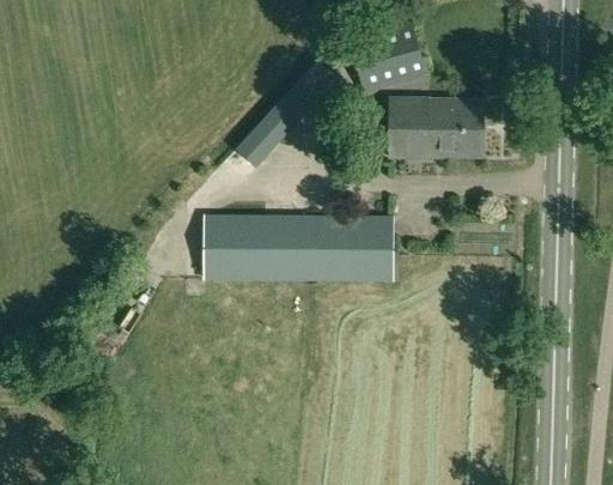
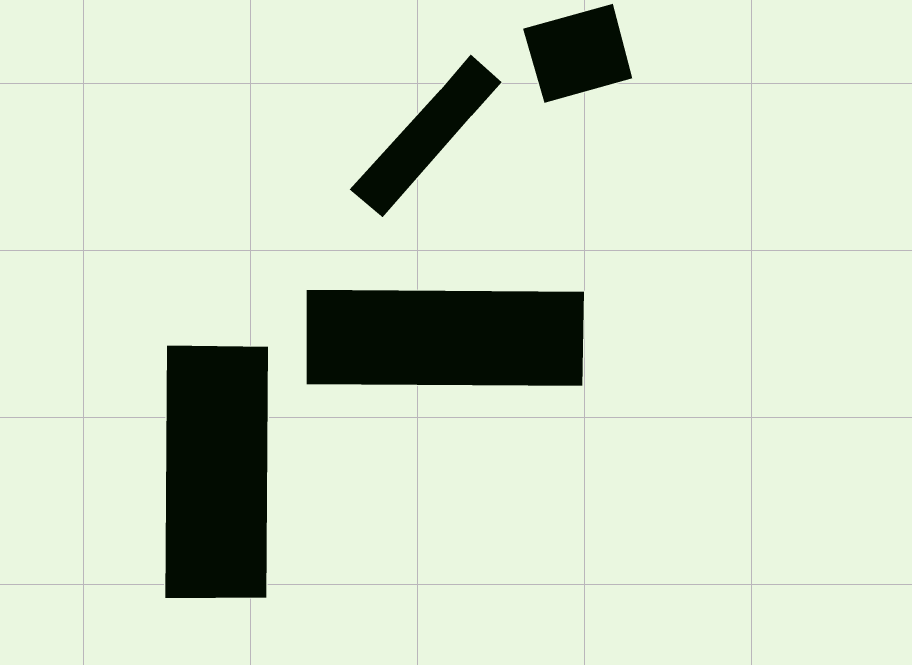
building: [392,98,482,157] -> none
building: none -> [165,345,268,599]

